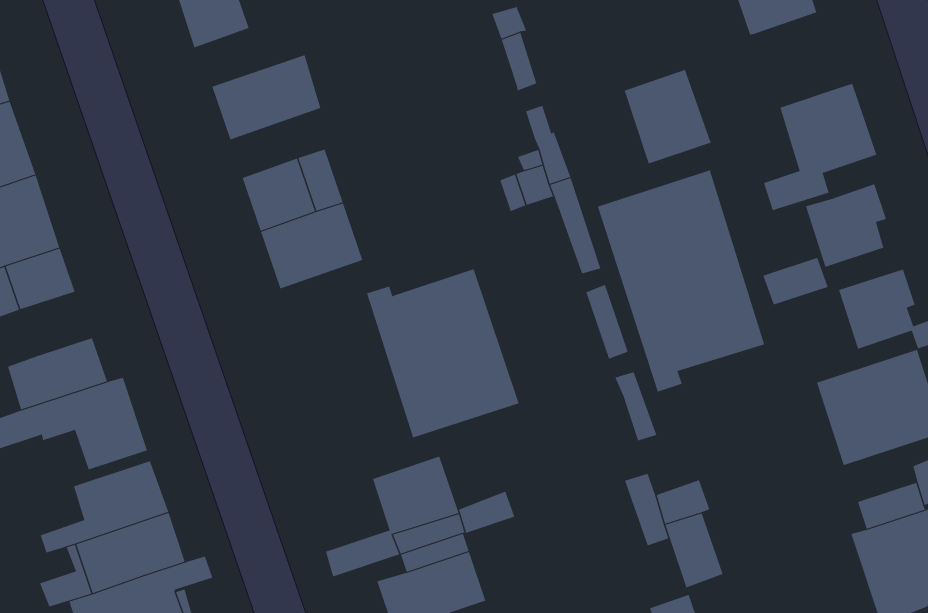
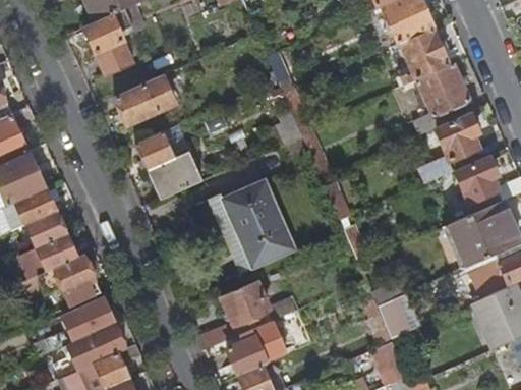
building: [624,69,712,164] -> [401,27,450,79]
building: [597,169,765,392] -> none
building: none -> [25,211,65,246]

